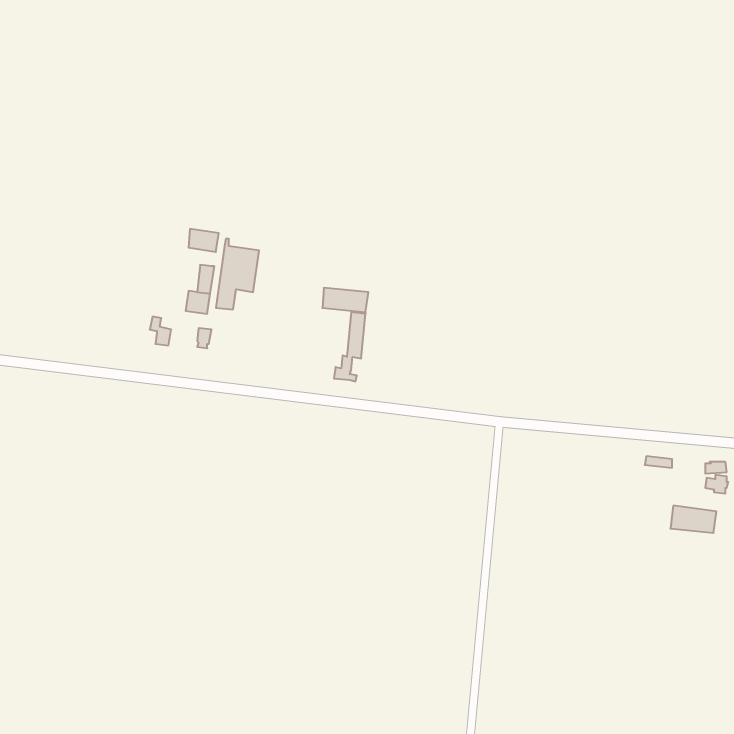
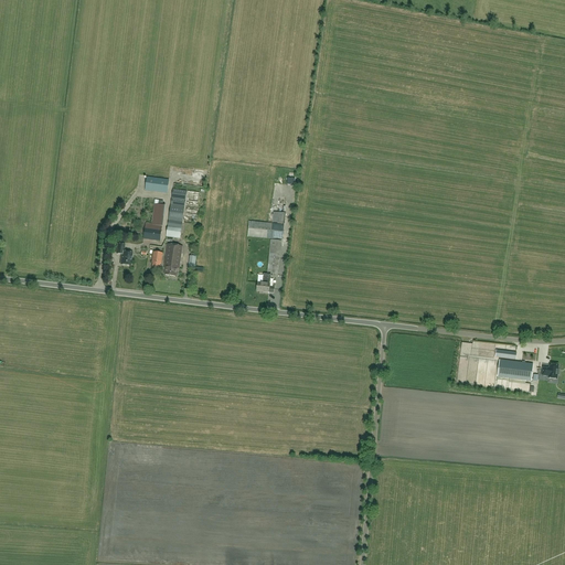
building: none -> [162,244,182,276]
building: [670,506,716,533] -> [497,359,532,380]

